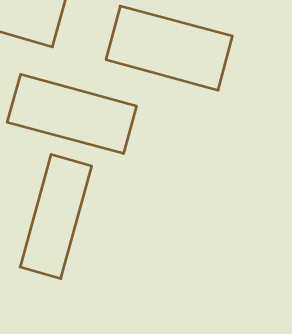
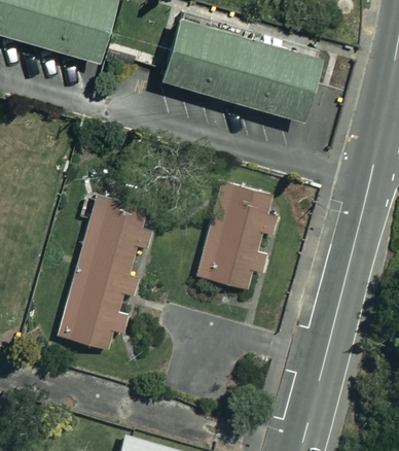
building: [7,74,136,154] -> none
building: none -> [196,180,277,291]

